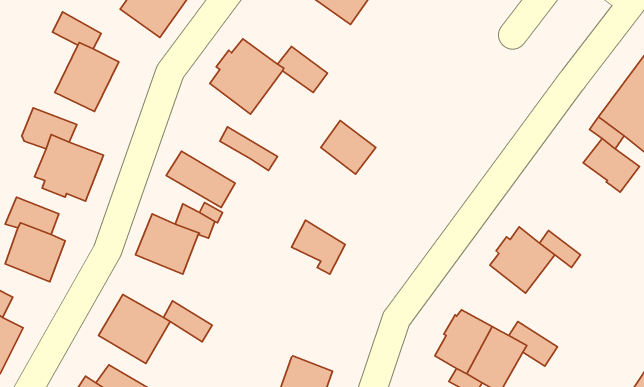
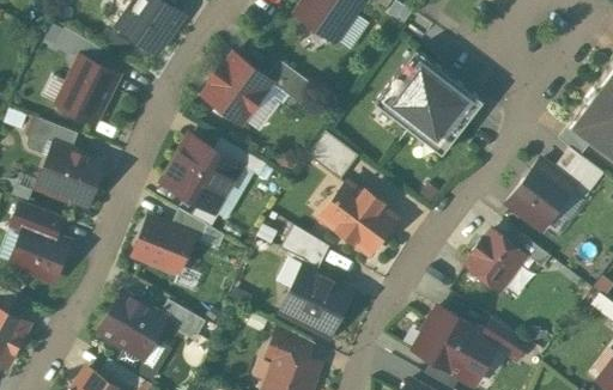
building: none -> [374,51,482,157]
building: none -> [176,138,241,190]
building: none -> [509,163,575,230]
building: none -> [320,184,395,255]
building: none -> [281,269,351,336]
building: none -> [269,327,312,361]

